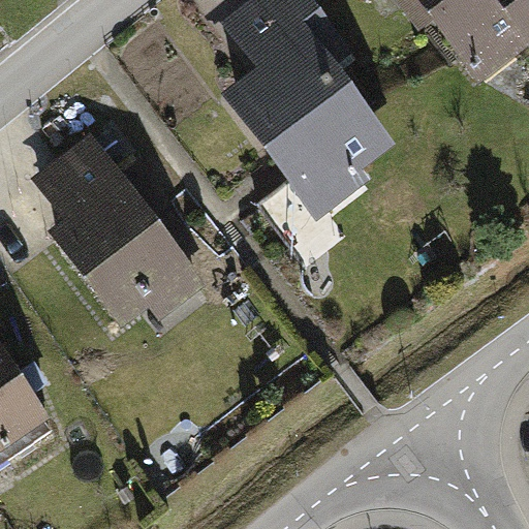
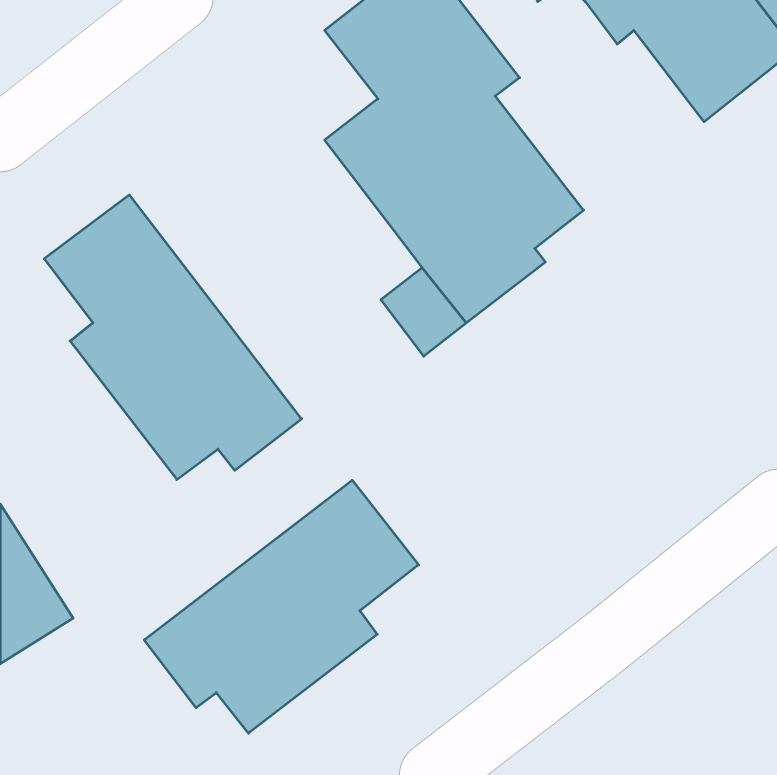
building: none -> [144,480,419,733]

